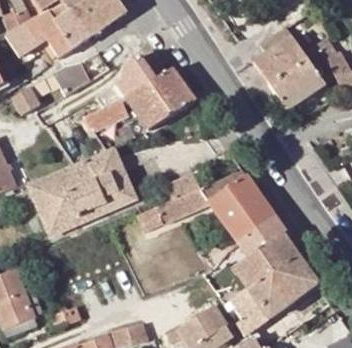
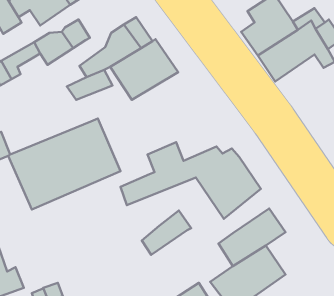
building: [237,215,285,258] -> [142,210,191,255]
building: [278,257,317,298] -> none

